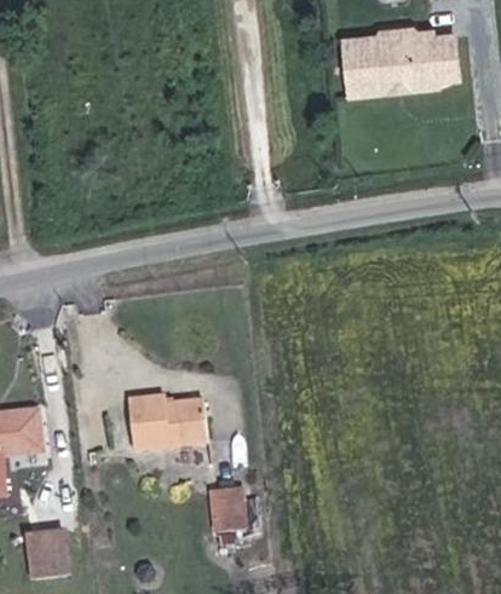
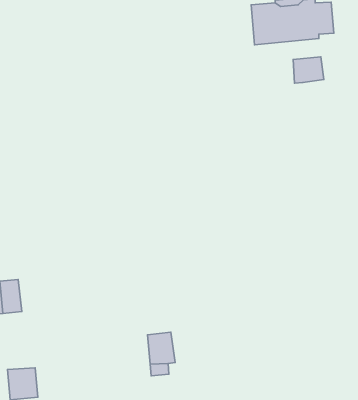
building: none -> [293,57,324,83]
building: [126,399,205,446] -> none

